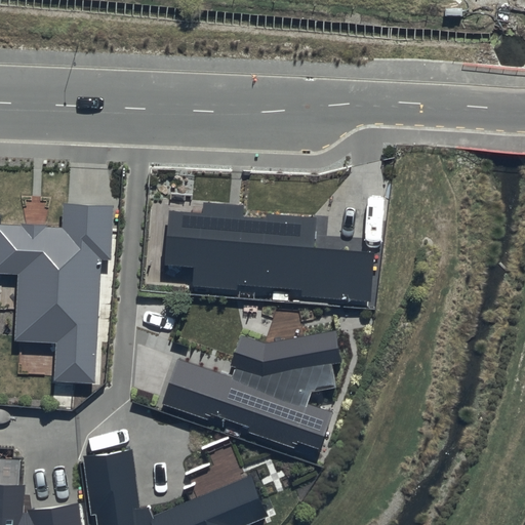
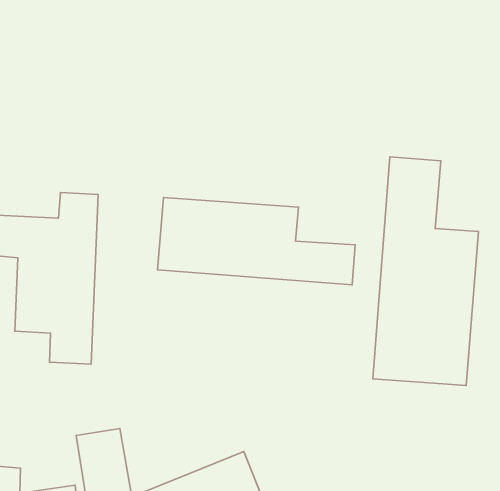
building: none -> [373,157,479,385]
building: [161,335,340,458] -> none

